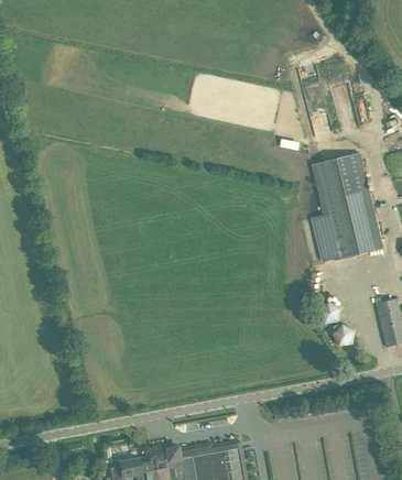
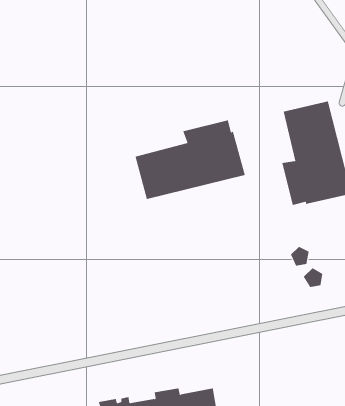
building: none -> [135,119,246,200]

